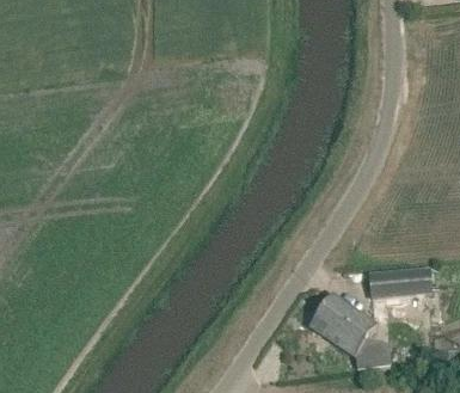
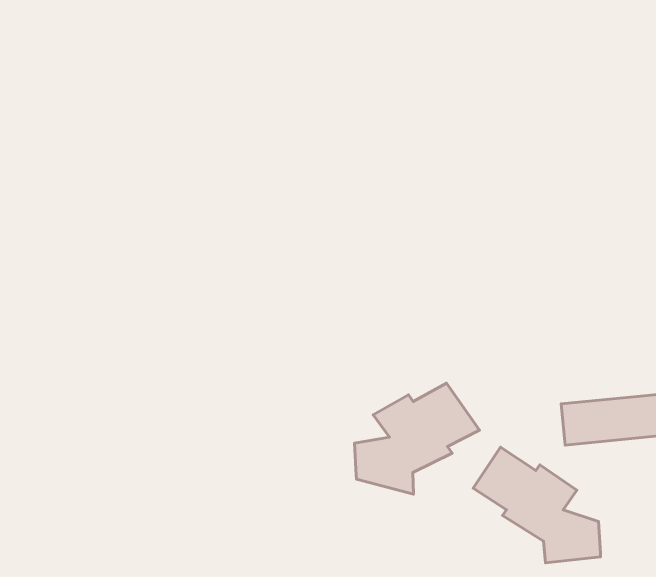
building: none -> [354,383,479,494]

